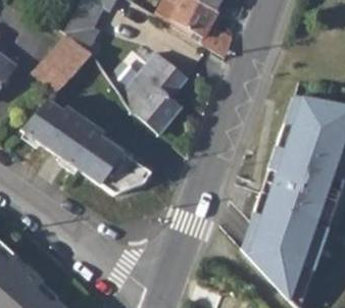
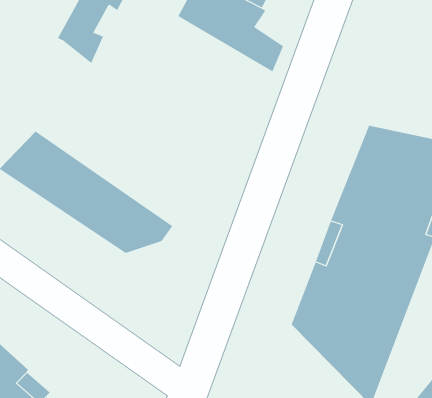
building: [33,34,92,90] -> none
building: [121,51,188,134] -> none

